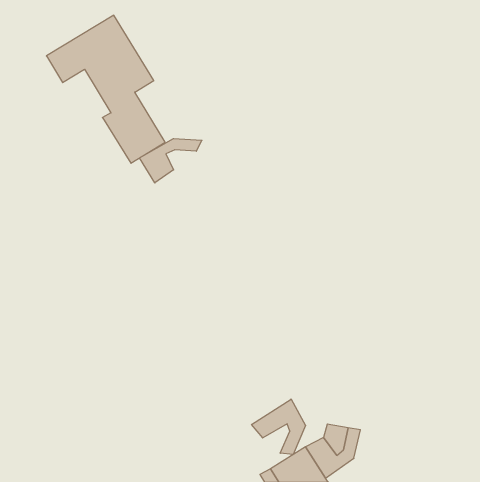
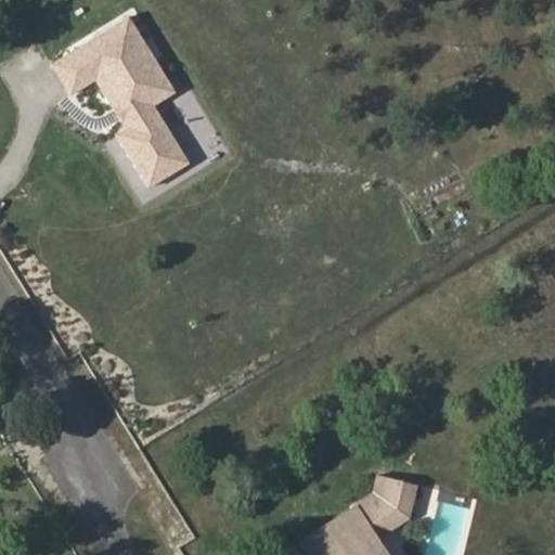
building: [140,139,202,183] -> none
building: [252,399,306,454] -> none

